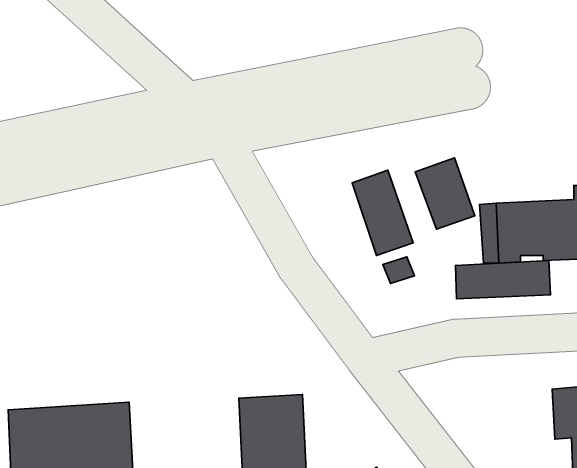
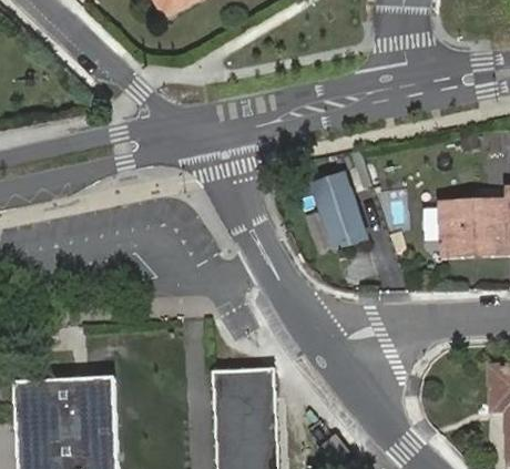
building: [415,158,475,229] -> none
building: [456,260,551,299] -> none

